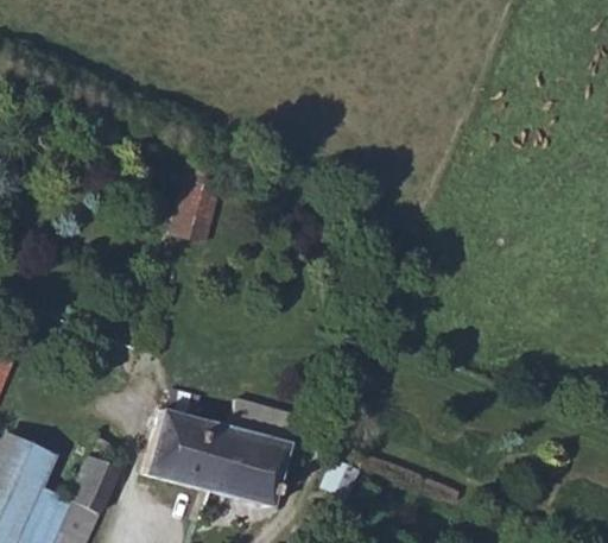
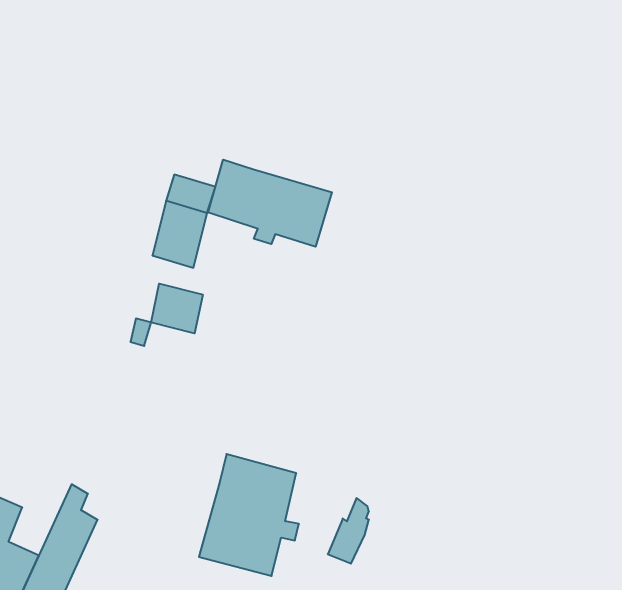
building: none -> [208,160,332,247]
building: none -> [151,284,203,333]
building: [141,389,227,495] -> none

